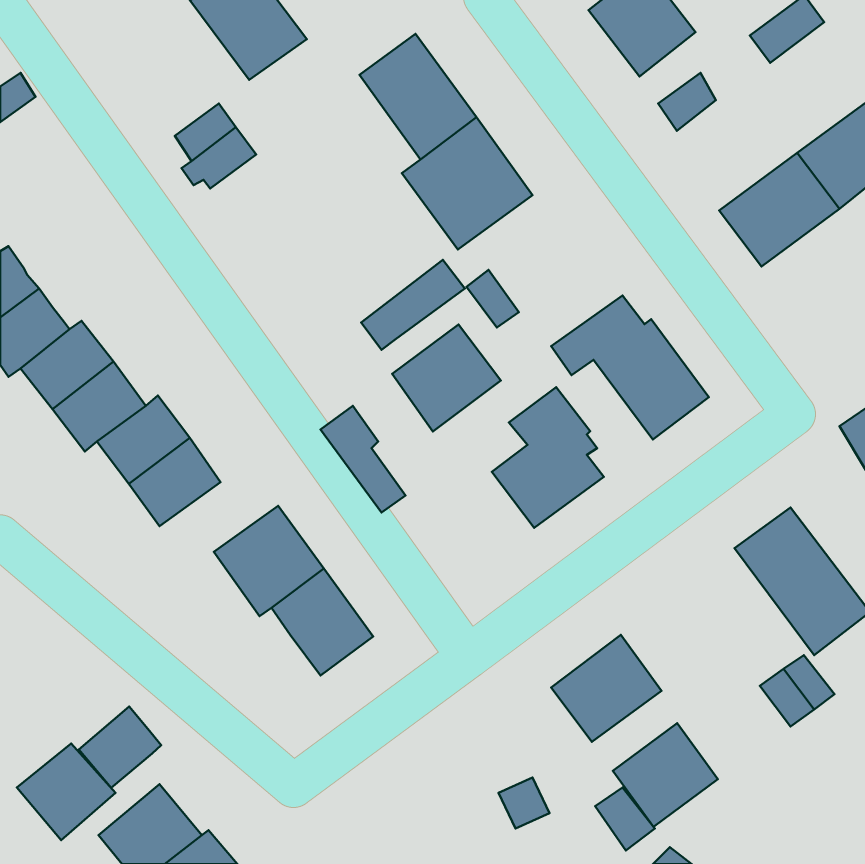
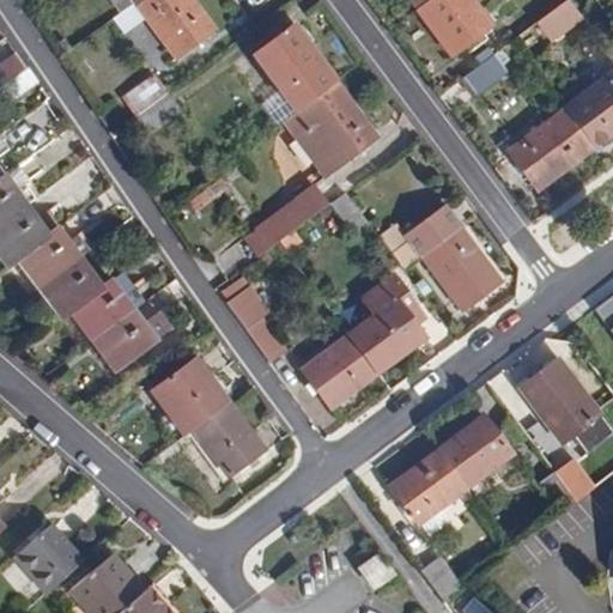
building: [392,325,501,432] -> [302,333,378,408]
building: [79,707,161,788] -> none
building: [613,723,718,827] -> [439,414,514,487]

